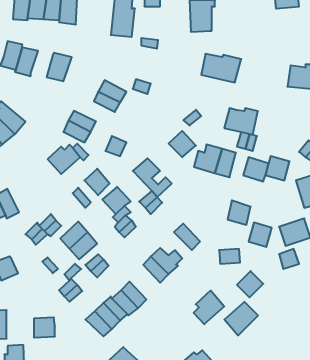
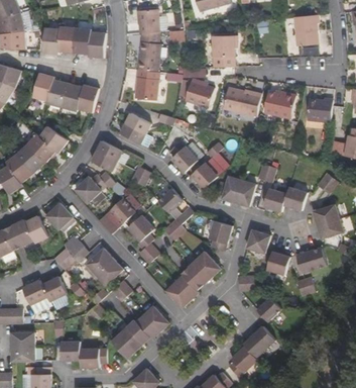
building: none -> [133,69,157,99]
building: none -> [184,80,211,107]
building: none -> [58,84,80,112]
building: none -> [36,127,66,154]
building: [224,108,258,134] -> [262,91,294,116]
building: none -> [167,139,197,171]
building: none -> [45,202,73,229]
building: none -> [209,219,232,249]
building: none -> [182,258,213,283]
building: none -> [40,276,66,301]
building: [194,291,224,324] -> [230,344,259,376]
building: none -> [82,347,108,367]

